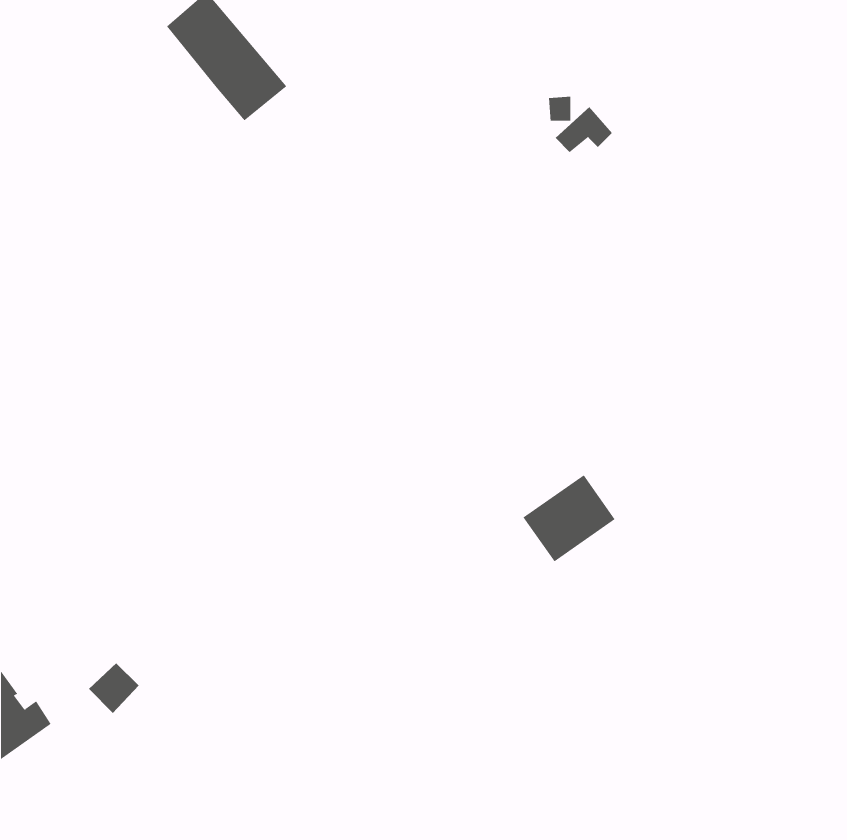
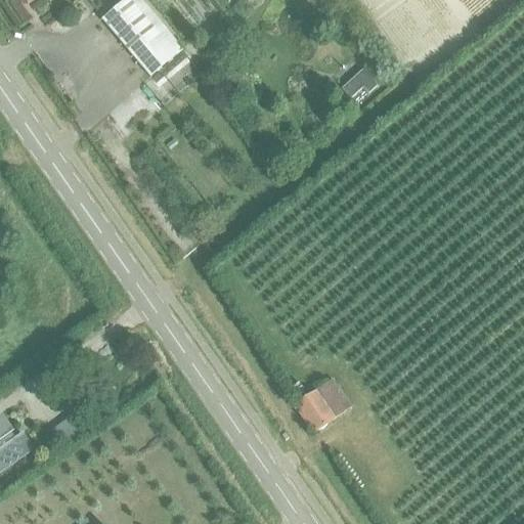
building: [523,474,616,562] -> [295,377,352,431]

